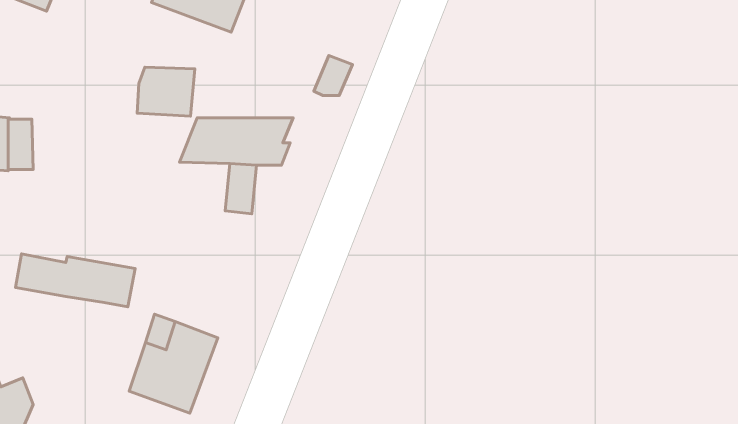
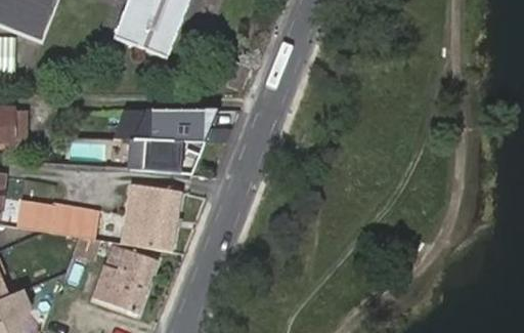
building: [137,67,195,116] -> [126,141,166,175]
building: none -> [125,185,182,253]

